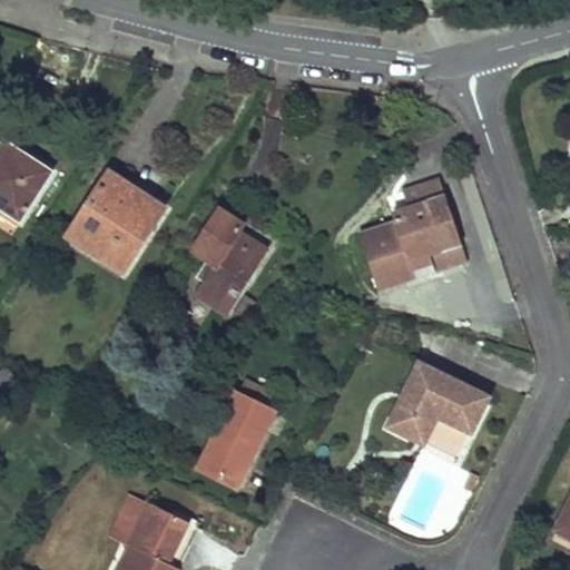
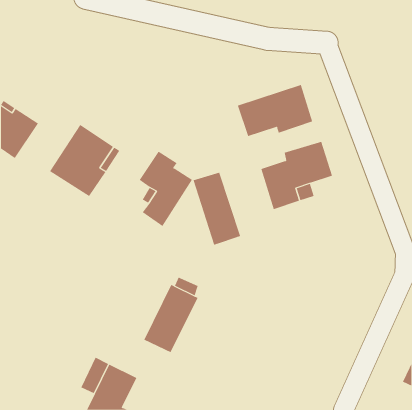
building: none -> [237,84,313,137]
building: none -> [193,172,241,245]
building: [389,363,488,459] -> none

